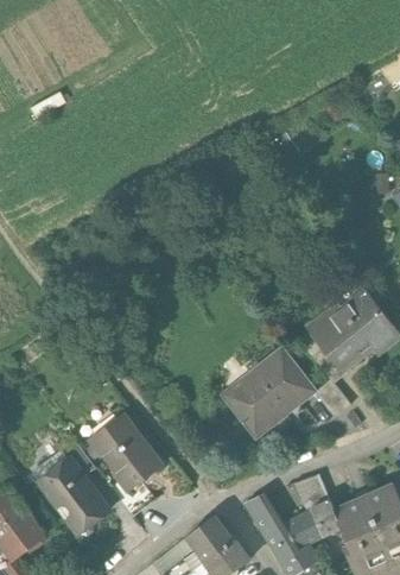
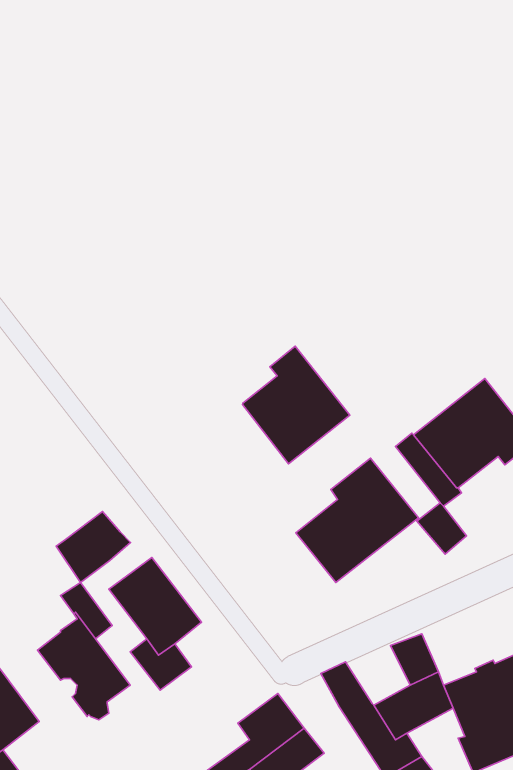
building: none -> [243,346,350,464]
building: none -> [56,512,130,582]

